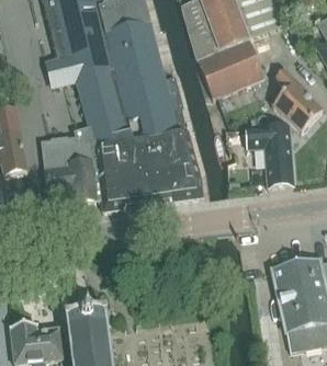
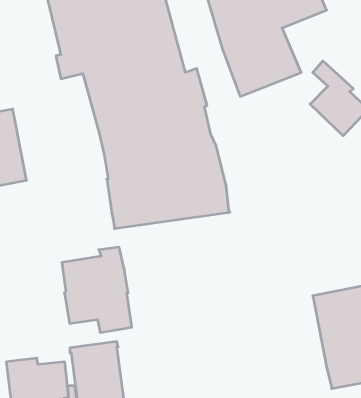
building: [244,123,292,185] -> none
building: [40,128,100,202] -> [62,247,132,332]

